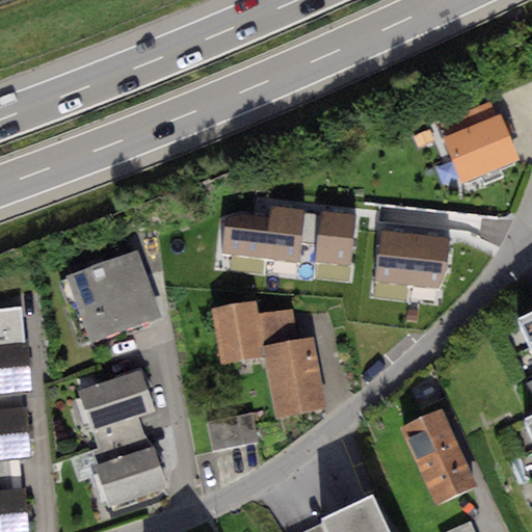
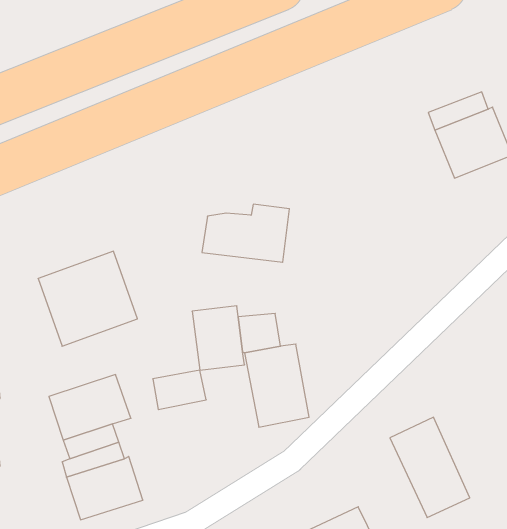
building: [316,211,355,265] -> none
building: [377,232,449,288] -> none
building: [207,413,258,450] -> [153,370,206,410]

